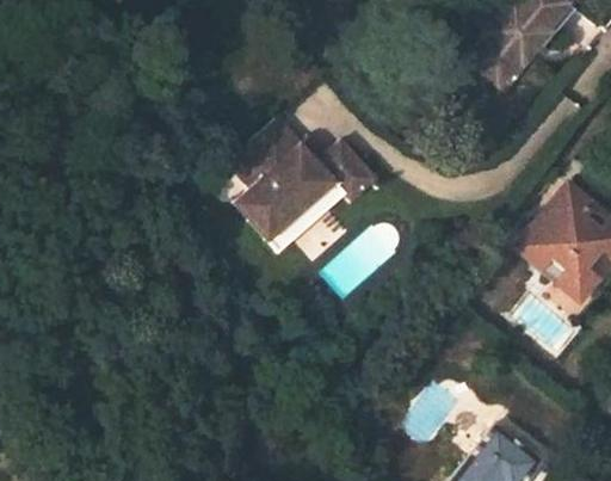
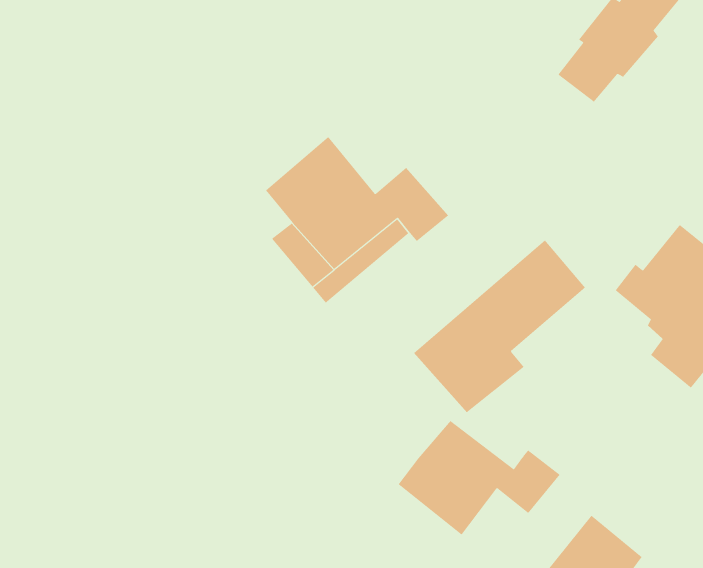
building: none -> [413,239,586,413]
building: none -> [398,420,560,536]

